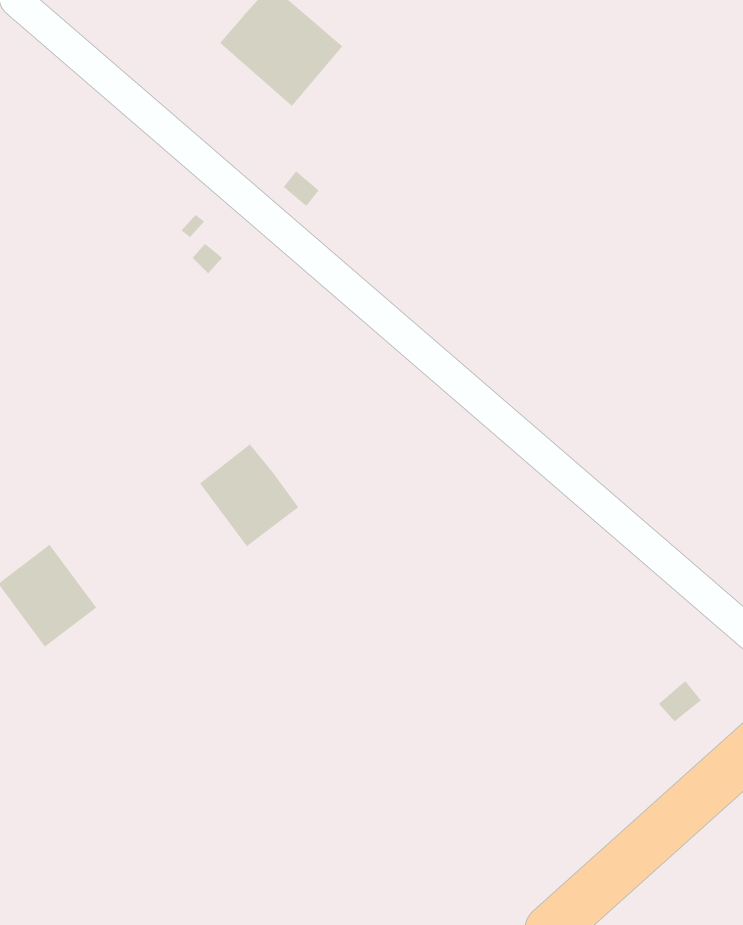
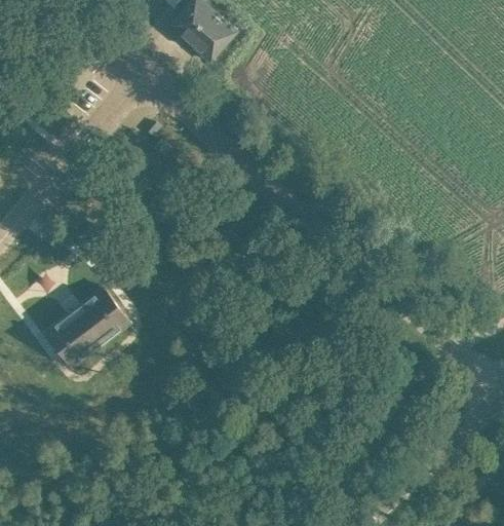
building: [199,443,299,547] -> [72,286,128,344]

